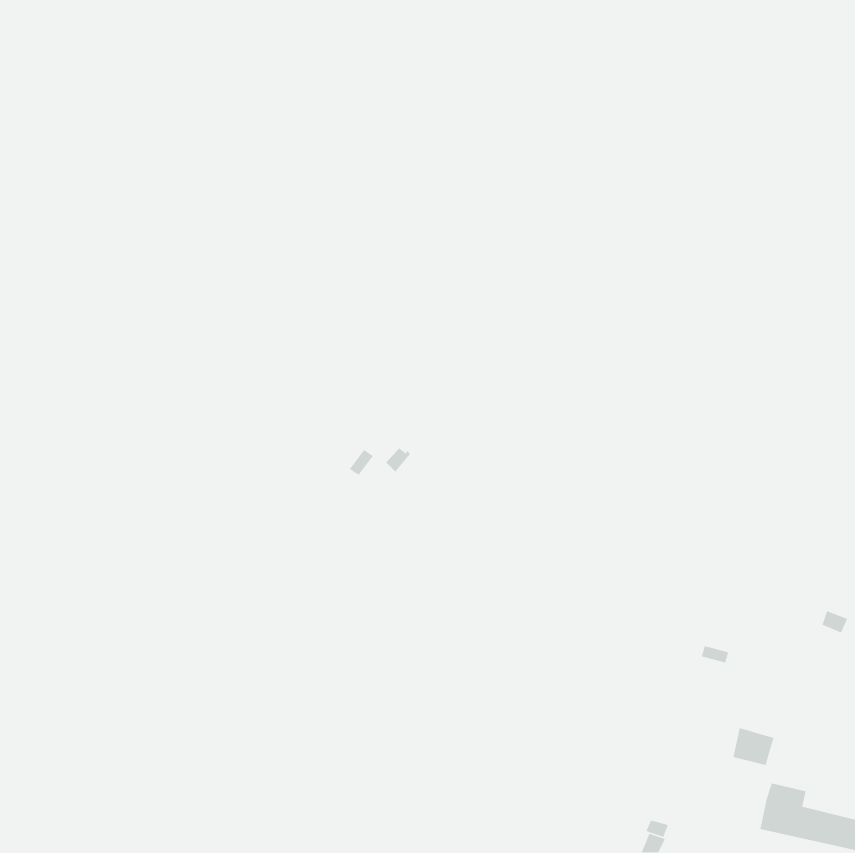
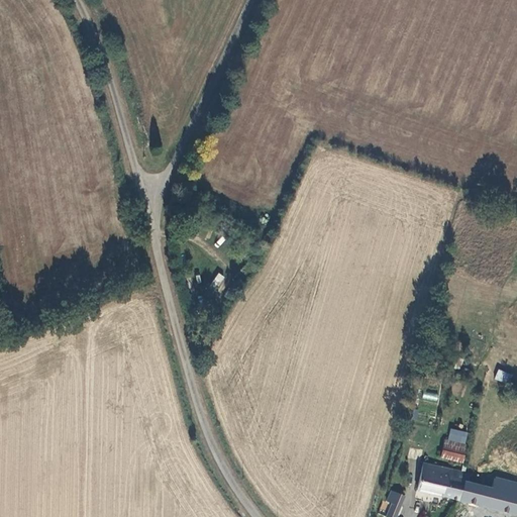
building: none -> [417,462,462,500]

